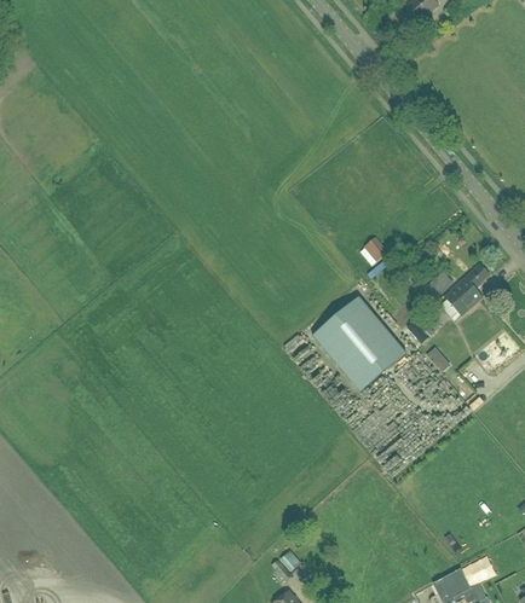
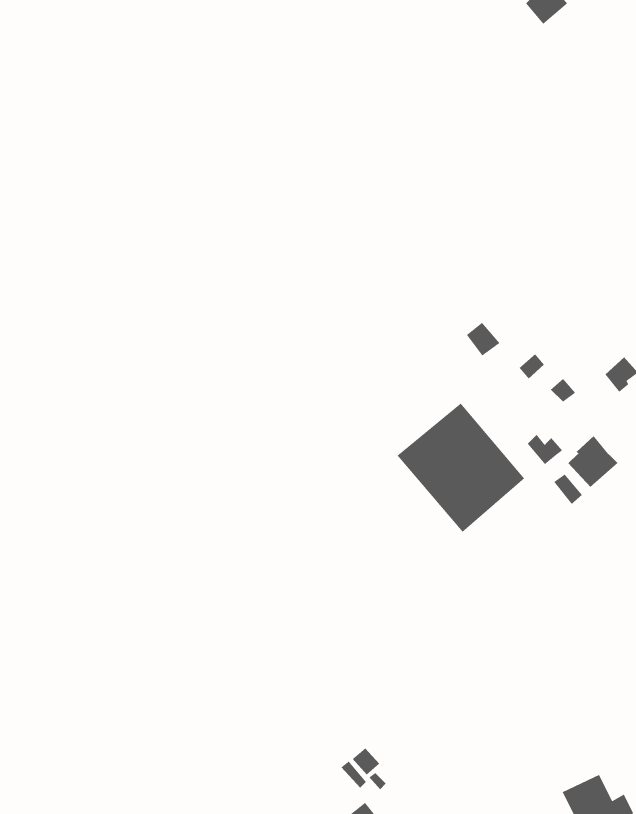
building: [445,276,483,314] -> [567,435,619,488]

